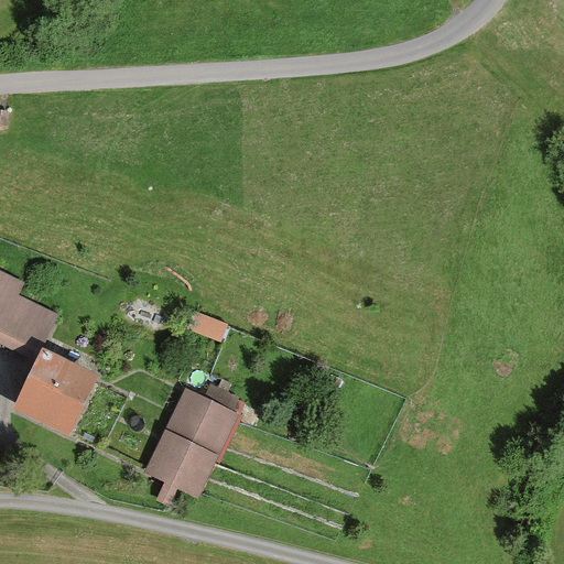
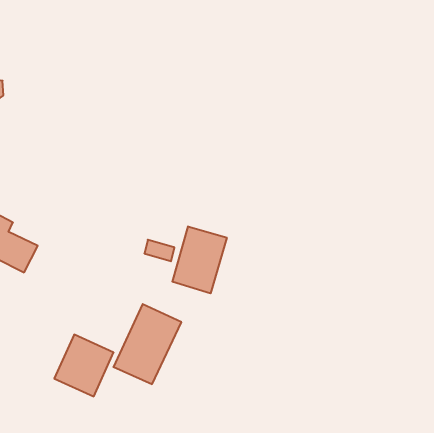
building: none -> [172,226,227,293]
building: [22,355,98,434] -> [54,335,114,396]

